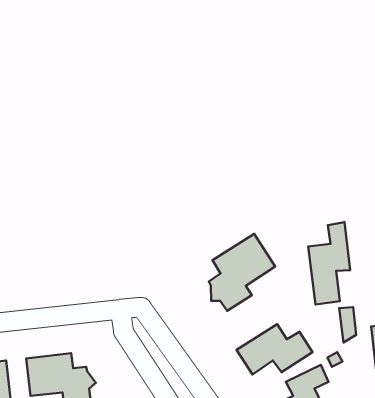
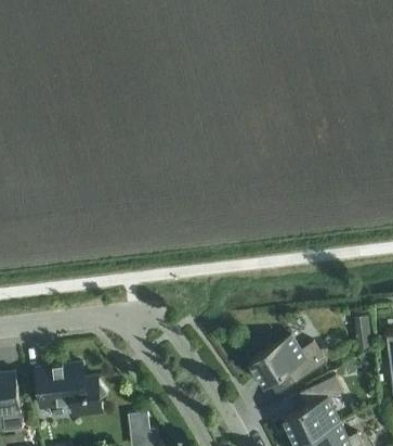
building: [308,222,350,304] -> none
building: [209,234,275,311] -> none

